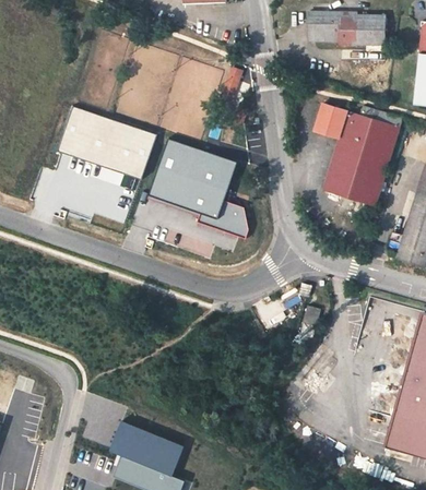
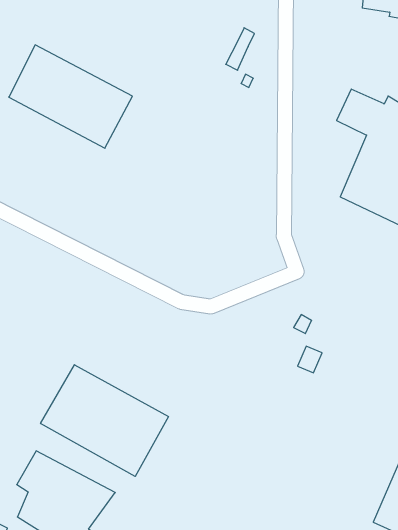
building: [149,140,247,238] -> none
building: none -> [41,365,168,476]

